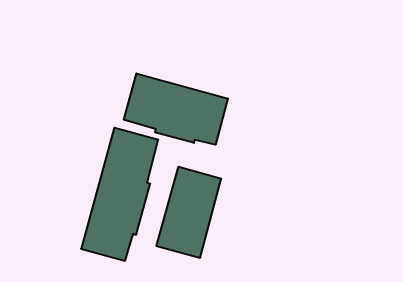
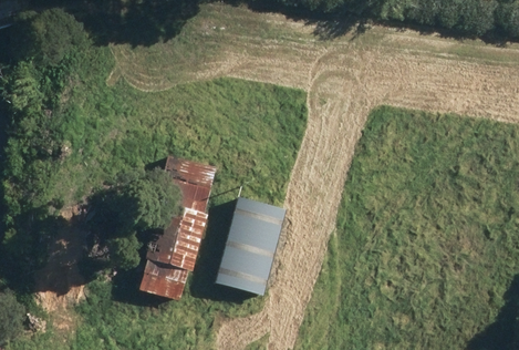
building: [124,73,228,145] -> none

